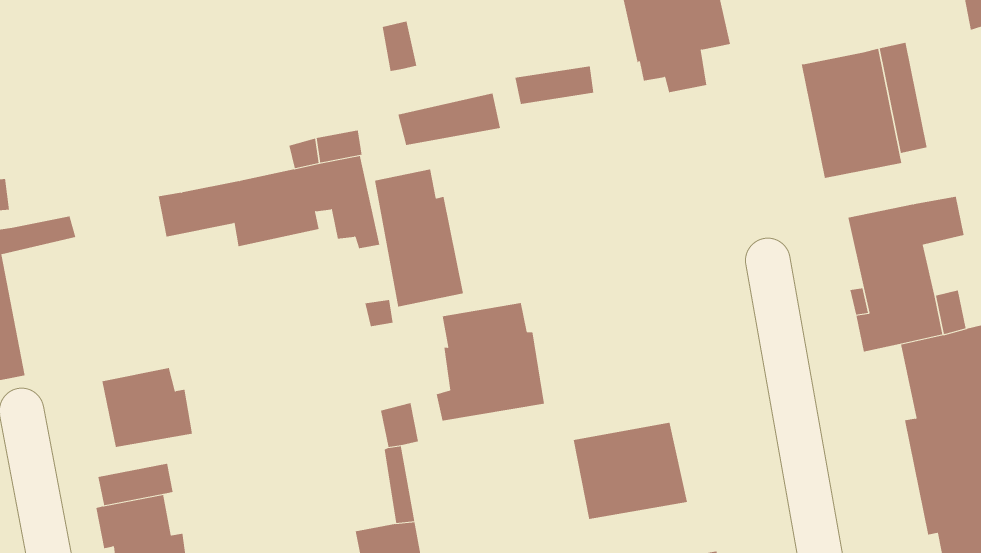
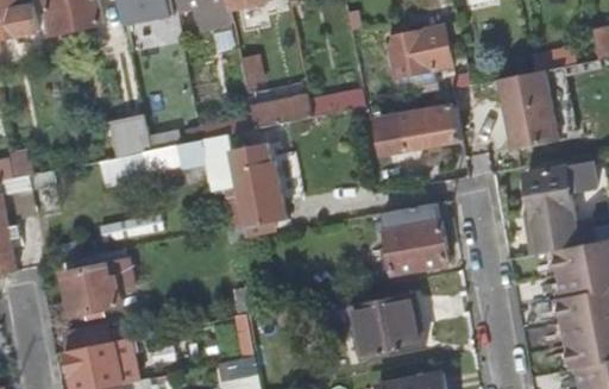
building: none -> [373,108,457,157]
building: none -> [107,113,150,158]
building: [436,303,545,421] -> [377,206,444,278]

